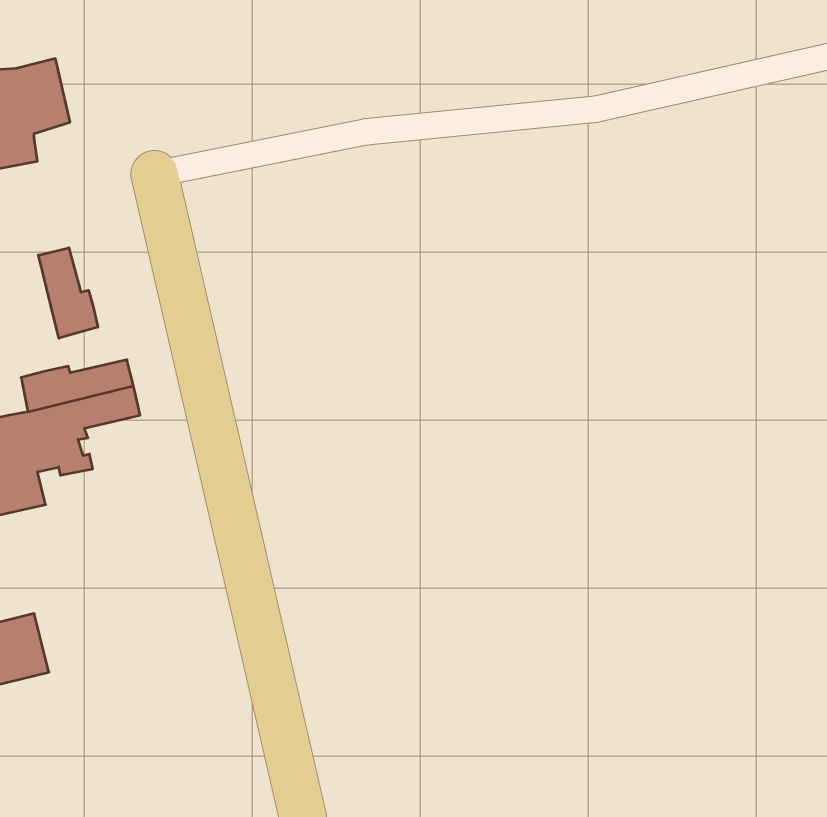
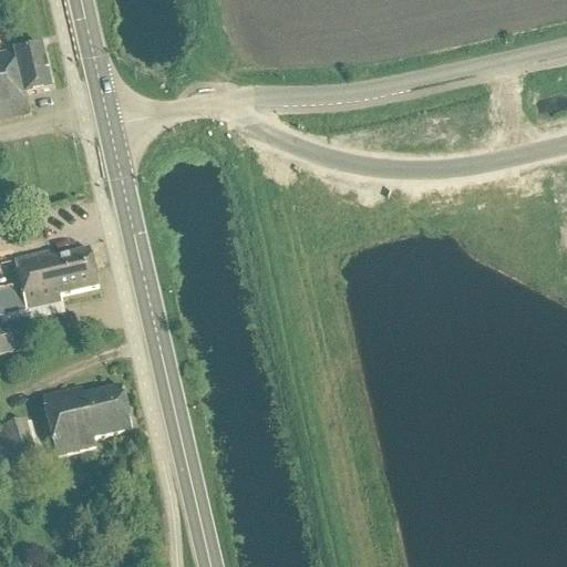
building: [38,248,98,338] -> none
building: none -> [41,382,128,452]

